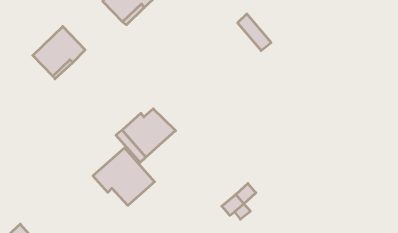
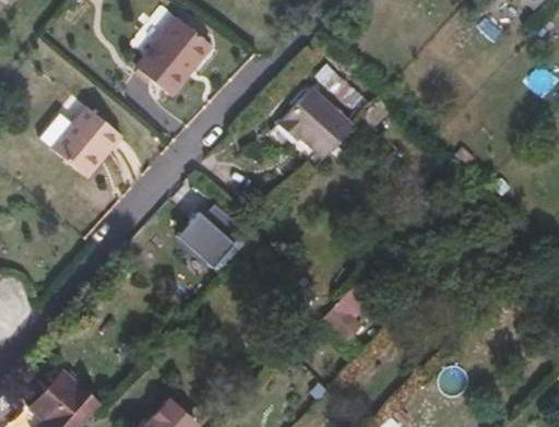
building: none -> [277,86,353,157]
building: [93,148,155,205] -> none

